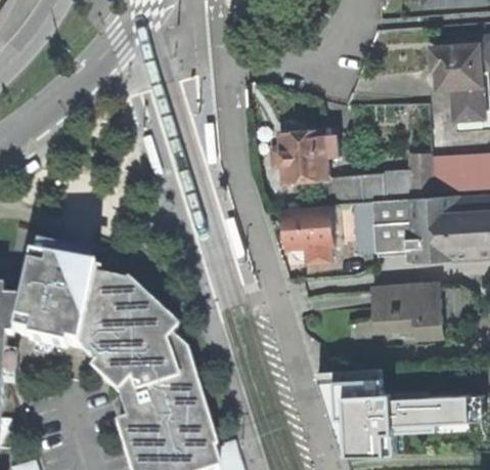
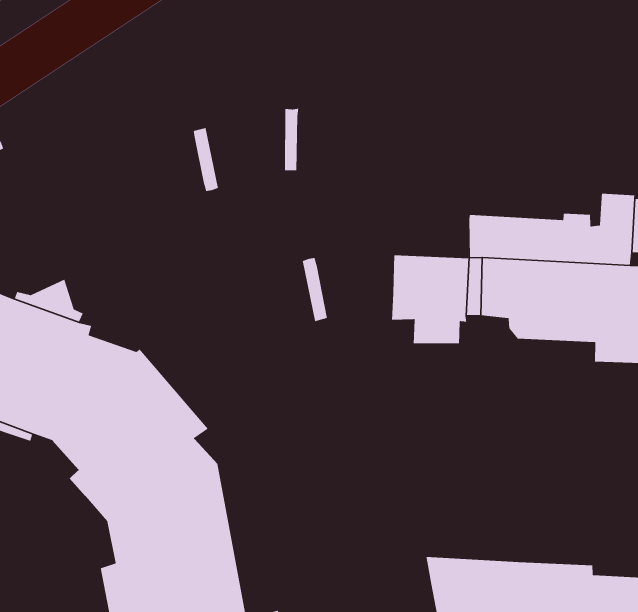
building: [280,129,336,182] -> none
building: [374,286,444,339] -> none
building: [317,370,382,395] -> none

